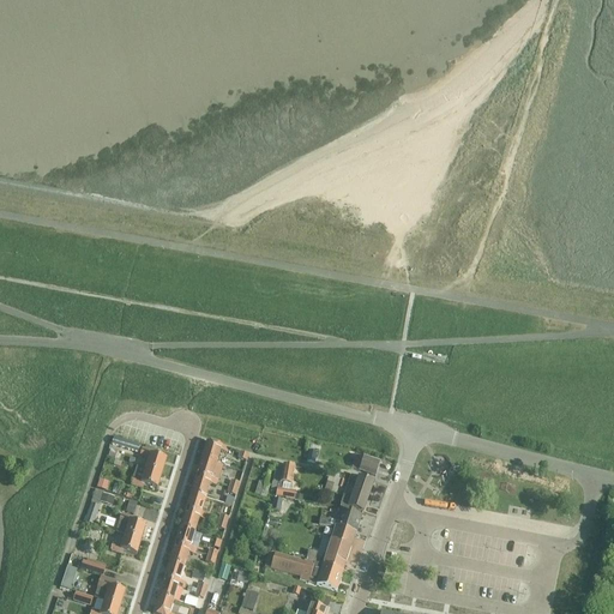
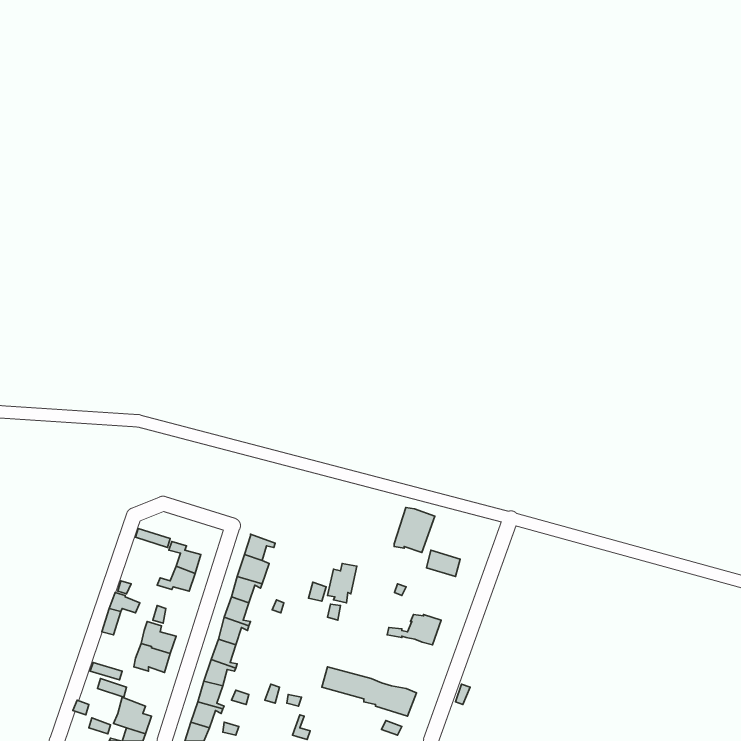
building: [343,474,377,511] -> [394,507,435,552]
building: [308,525,359,571] -> none

